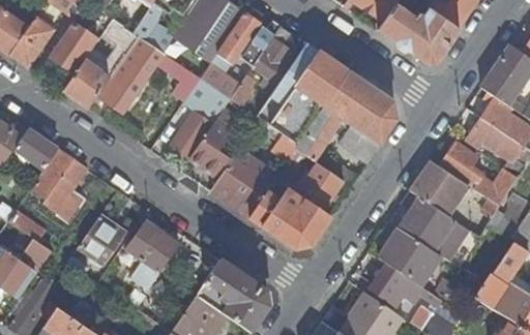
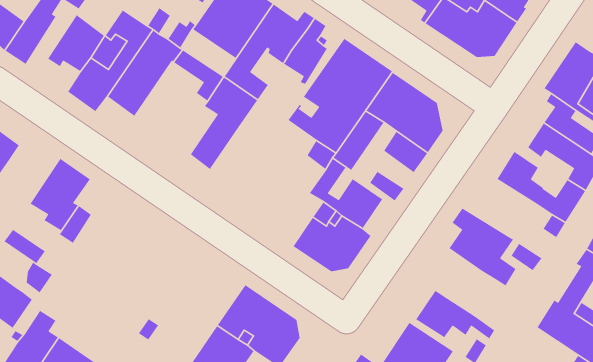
building: [189,121,229,176] -> none
building: [13,128,57,170] -> none
building: [211,150,273,217] -> none
building: [410,160,473,218] -> none
building: [75,215,125,267] -> none
building: [125,220,179,290] -> none
building: [379,227,440,286] -> none

